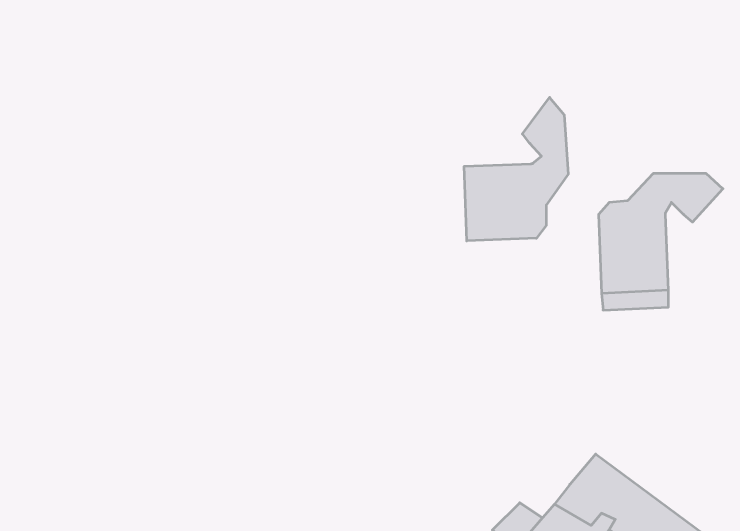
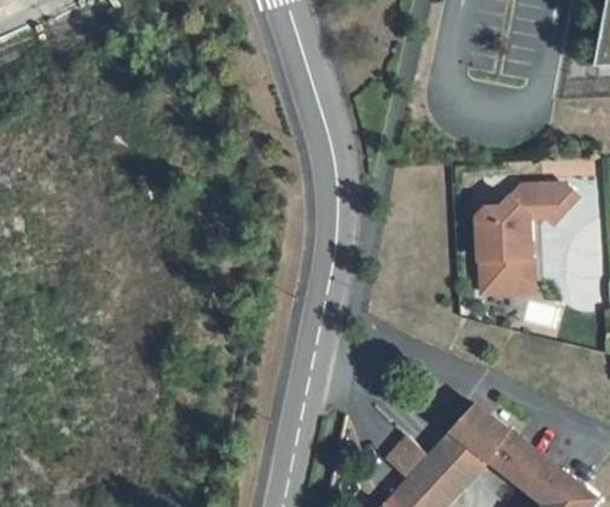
building: [464,97,568,241] -> none

